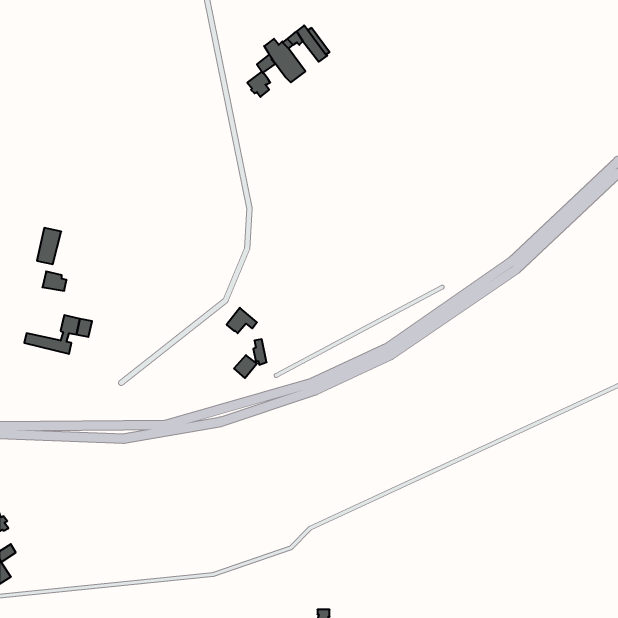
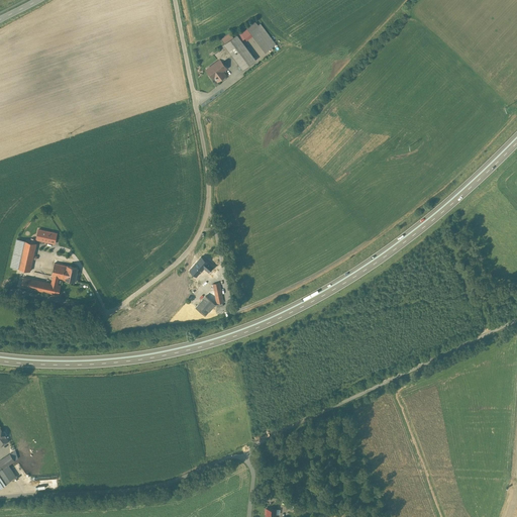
building: [37,228,61,264] -> [15,241,35,272]

